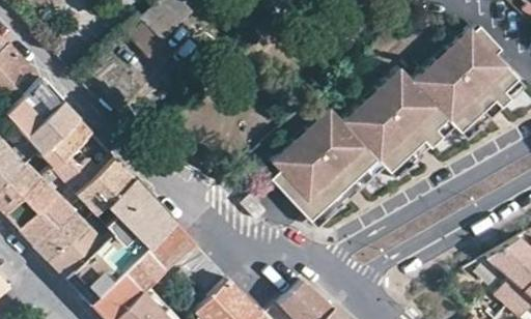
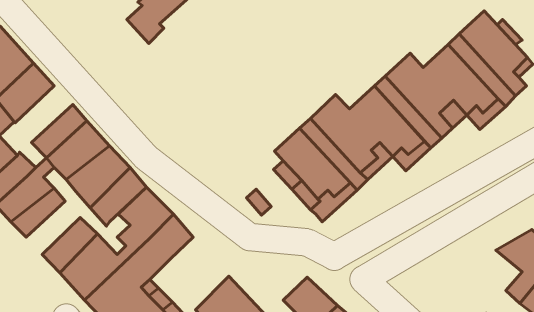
building: [24,98,79,152] -> none
building: [34,208,86,259] -> none

